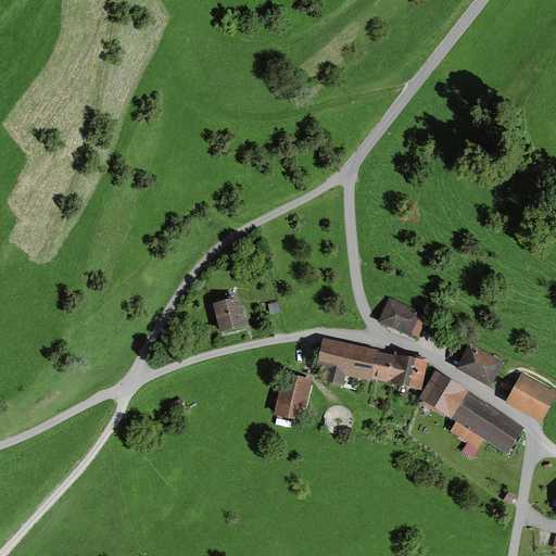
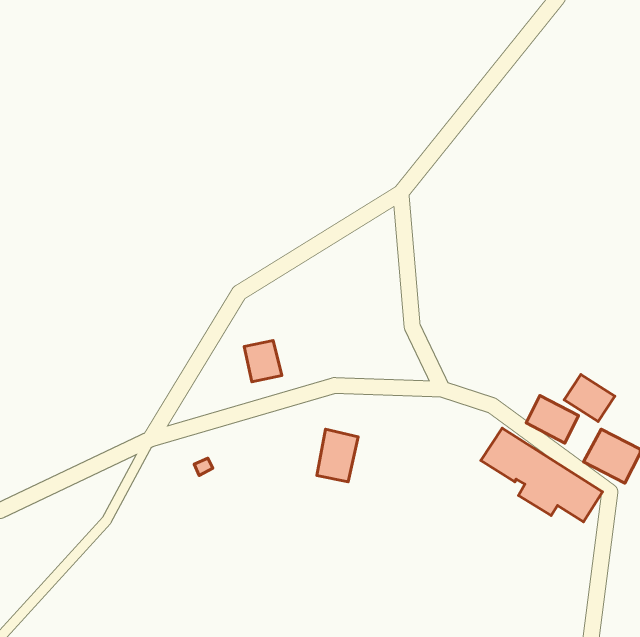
building: [378,298,426,336] -> none
building: none -> [564,375,615,422]
building: [317,339,428,391] -> none

